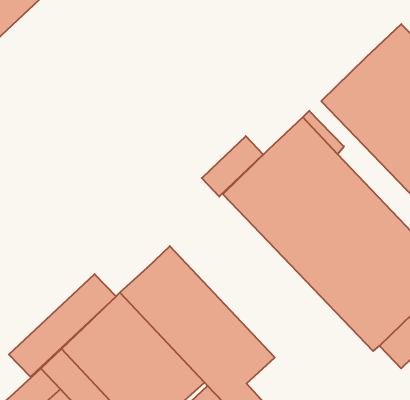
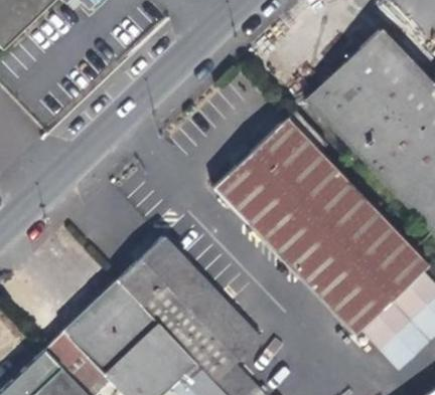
building: [202,136,263,197] -> none
building: [9,274,116,377] -> none

